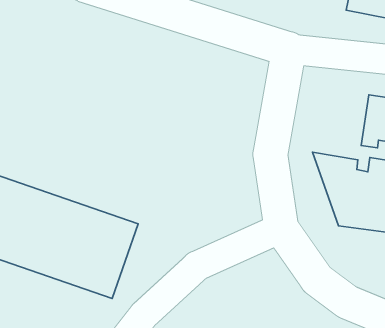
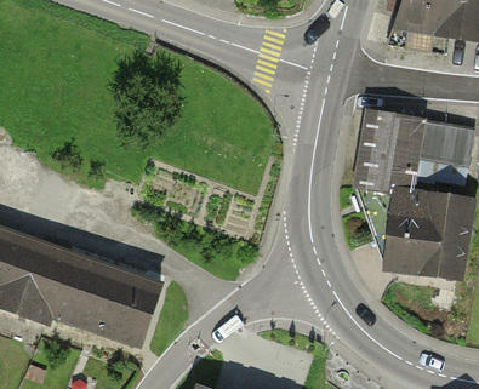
building: none -> [358,110,422,194]

